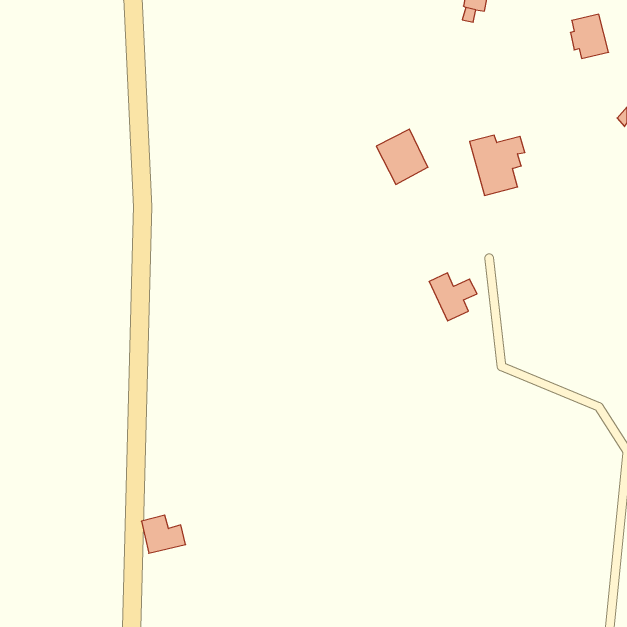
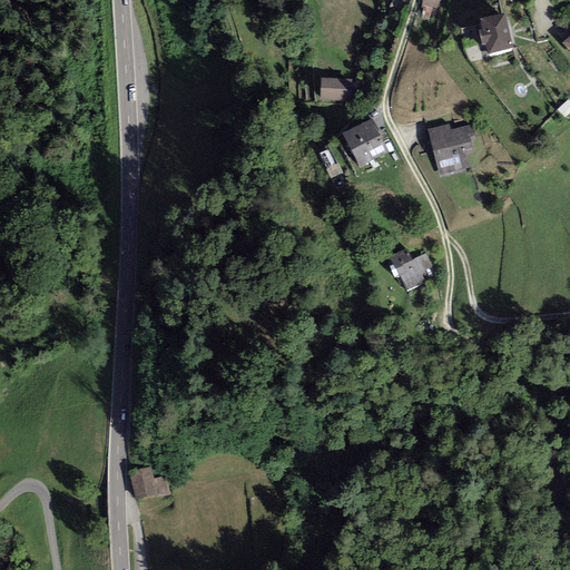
building: [570,14,609,58] -> [478,12,512,52]
building: none -> [318,77,351,99]

